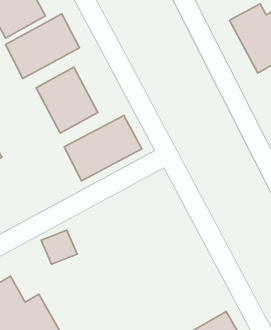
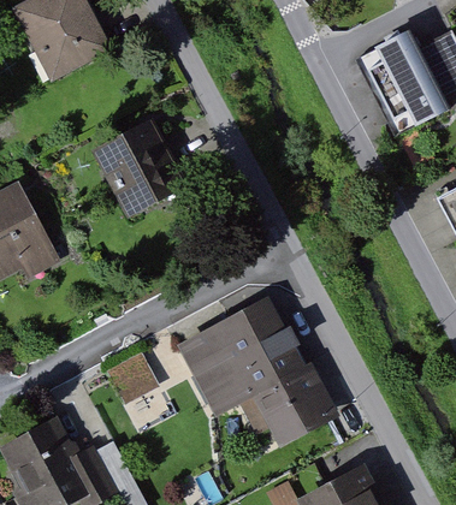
building: [5,14,79,79] -> none
building: [64,116,142,181] -> none
building: none -> [182,299,327,441]

